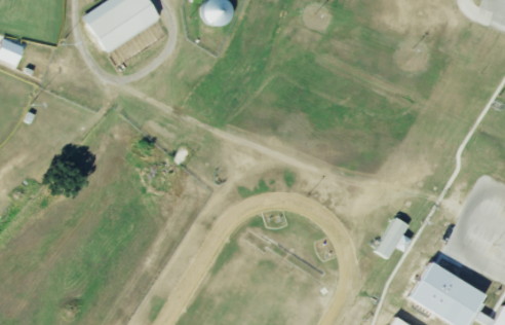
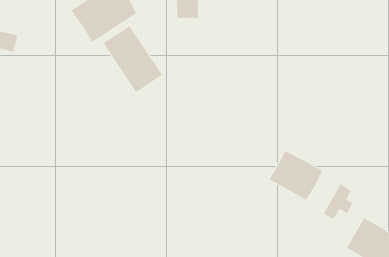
building: none -> [103,25,163,93]
building: none -> [269,150,323,200]

